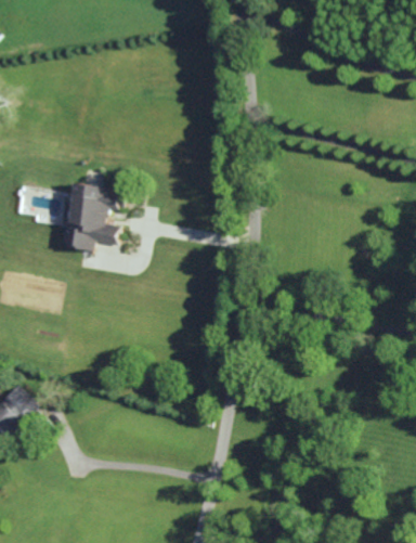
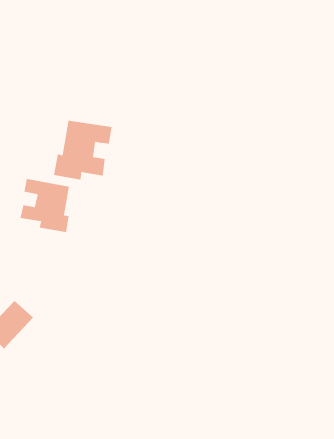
building: none -> [20,178,70,233]

